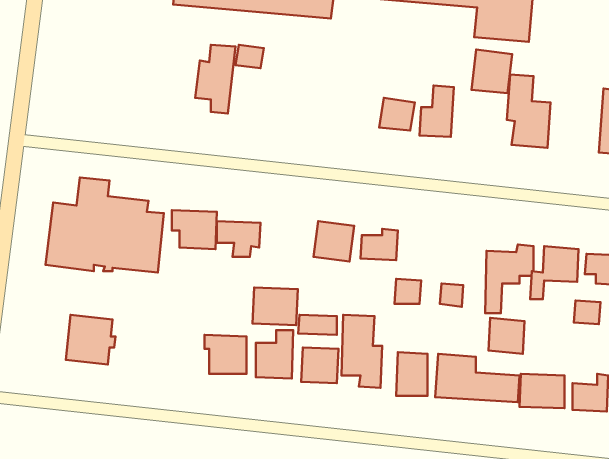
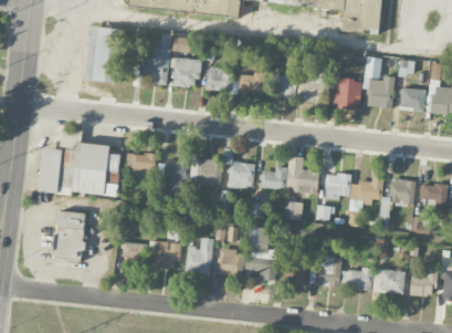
building: none -> [85,27,124,81]
building: [472,49,512,93] -> [334,77,362,108]
building: none -> [172,56,200,87]
building: none -> [206,67,232,91]
building: none -> [238,73,265,95]
building: none -> [399,86,427,110]
building: none -> [287,156,319,194]
building: [252,288,298,325] -> [190,158,222,185]
building: none -> [54,210,86,230]
building: [489,318,524,354] -> [325,173,350,198]
building: none -> [120,242,147,264]

